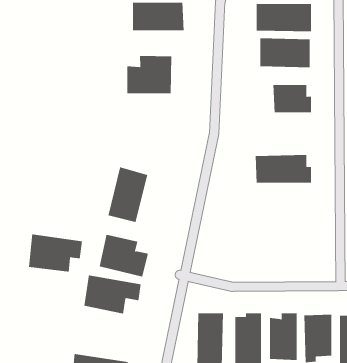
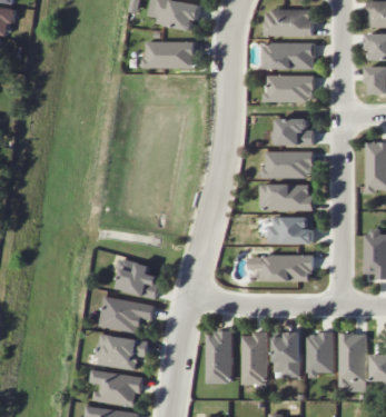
building: [127,55,172,94] -> none
building: none -> [263,150,313,178]
building: [108,166,148,223] -> none
building: none -> [270,217,315,244]
building: none -> [250,255,313,281]
building: [28,234,83,272] -> [97,334,148,369]

